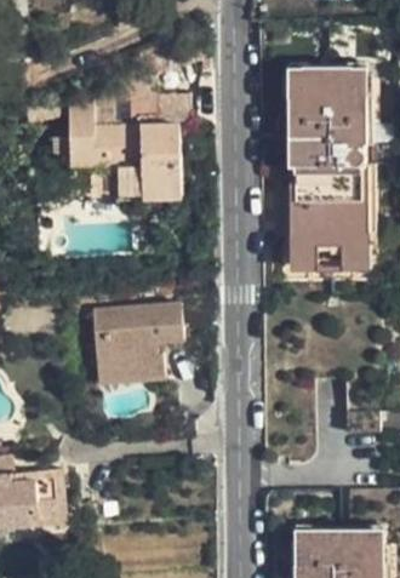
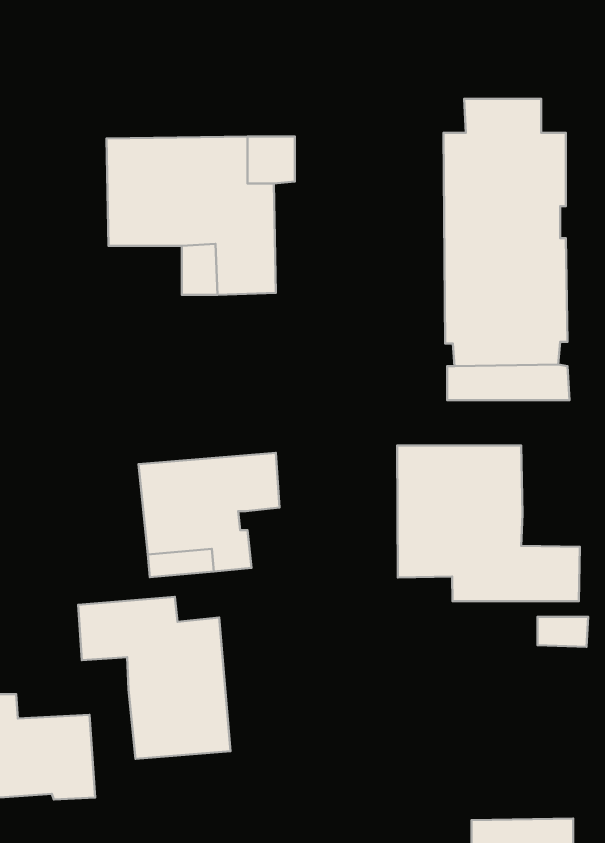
building: none -> [397,446,580,601]
building: none -> [78,597,231,759]

